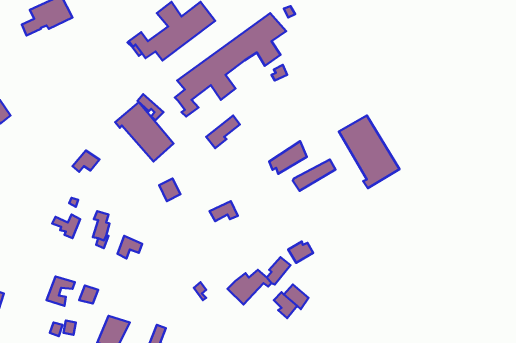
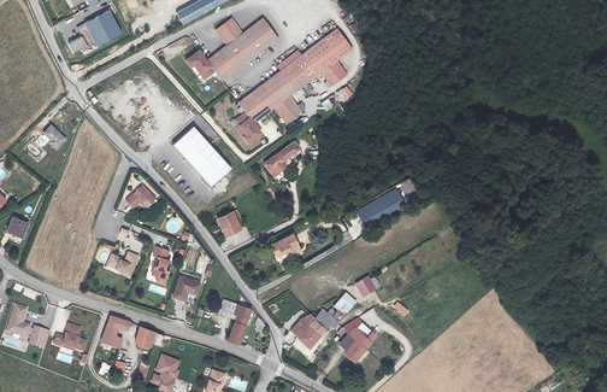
building: [339,115,400,188] -> none
building: [269,141,307,174] -> none
building: none -> [214,296,253,340]
building: none -> [54,323,89,351]

